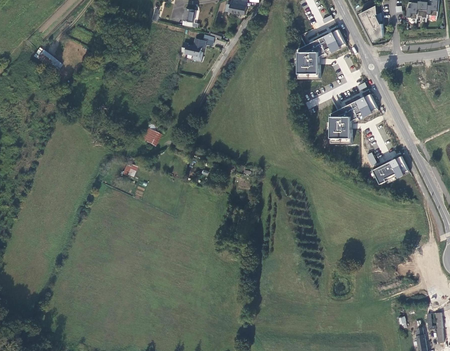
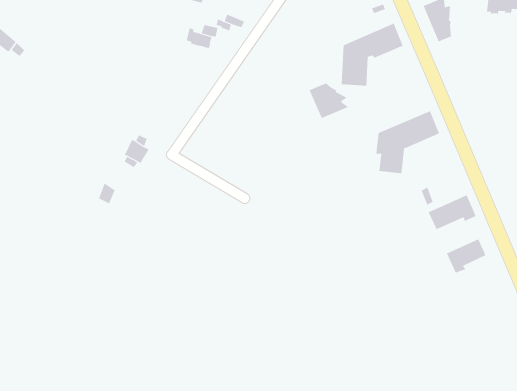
building: none -> [309,82,349,119]
building: none -> [446,238,486,274]

